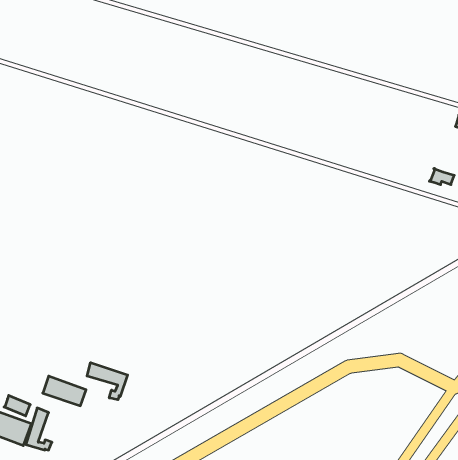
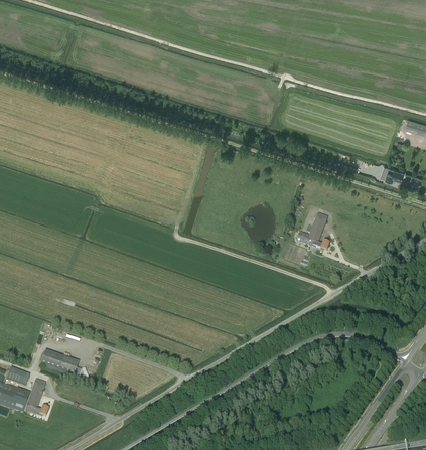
building: none -> [296,212,329,250]
building: [87,363,128,400] -> none

